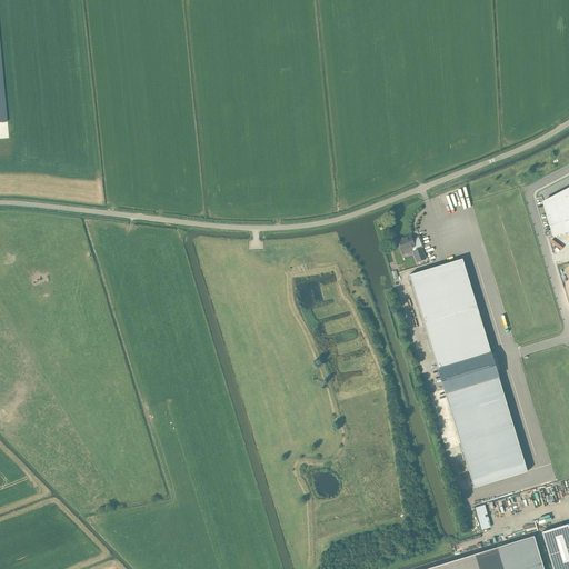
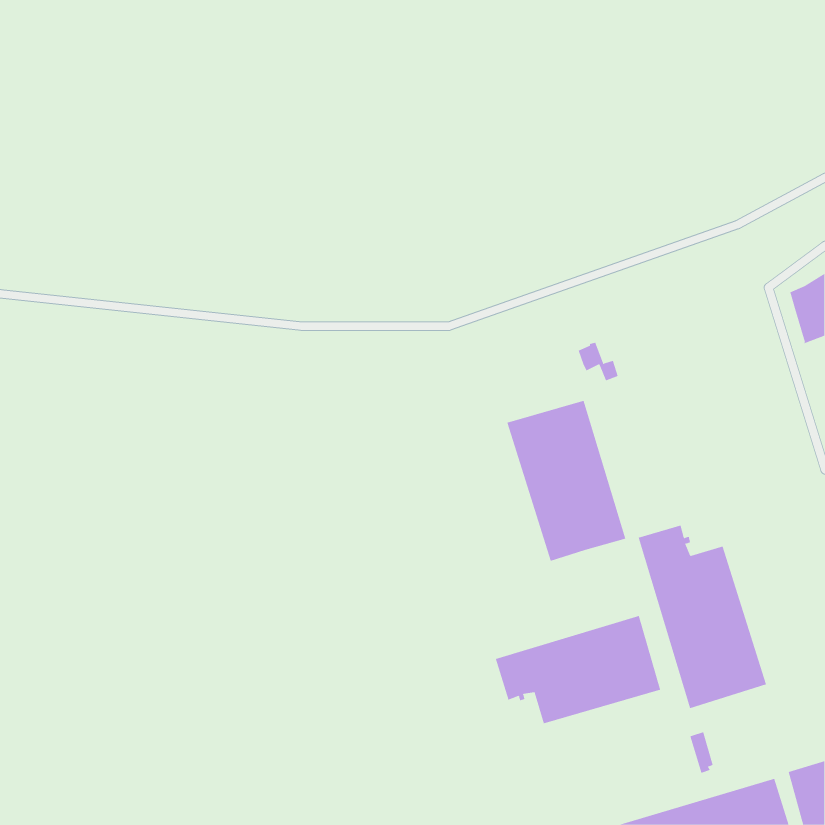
building: [409,259,491,370] -> [507,400,626,561]
building: none -> [495,615,661,724]

